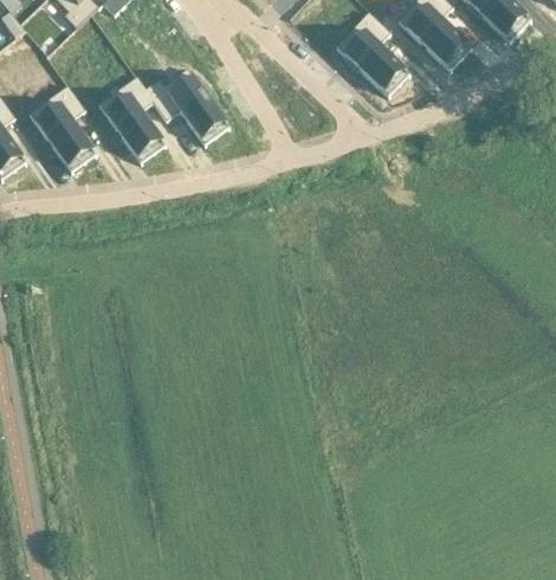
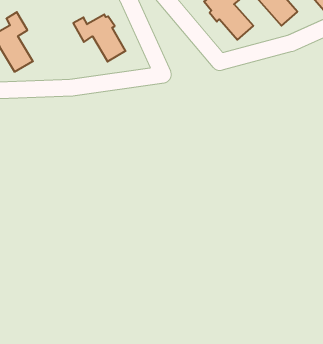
building: [102,69,162,155] -> none

